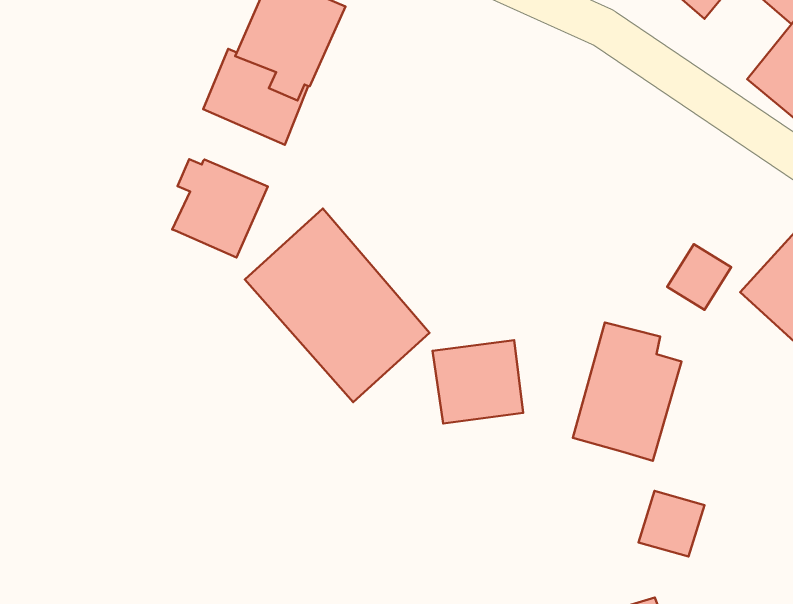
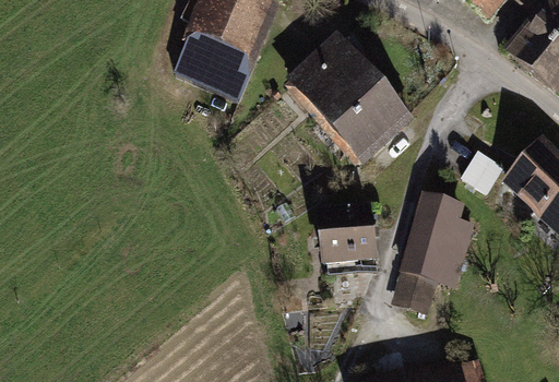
building: [172,159,268,258] -> none
building: [245,209,430,402] -> [292,39,405,158]
building: [639,491,704,557] -> [395,270,436,310]

